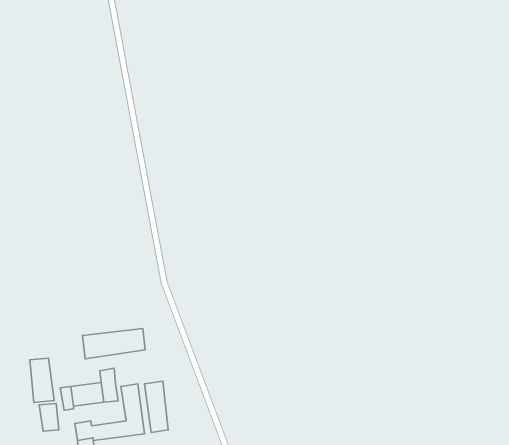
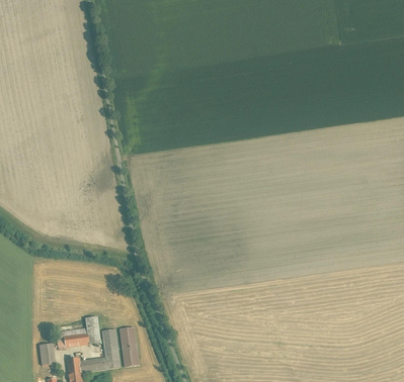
building: [82,328,145,359] -> none
building: [30,358,54,402] -> none

